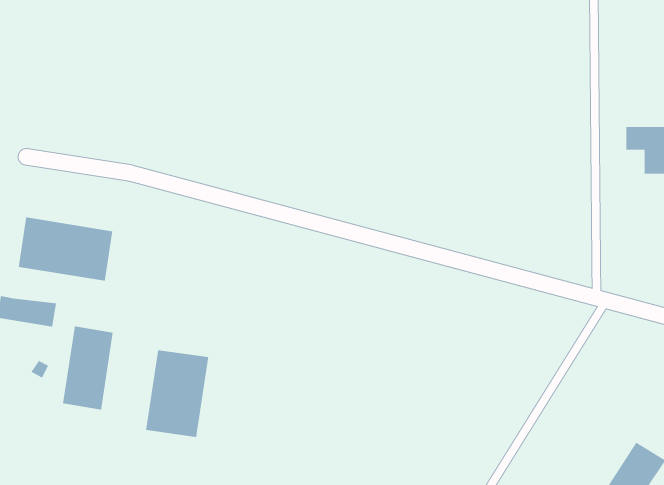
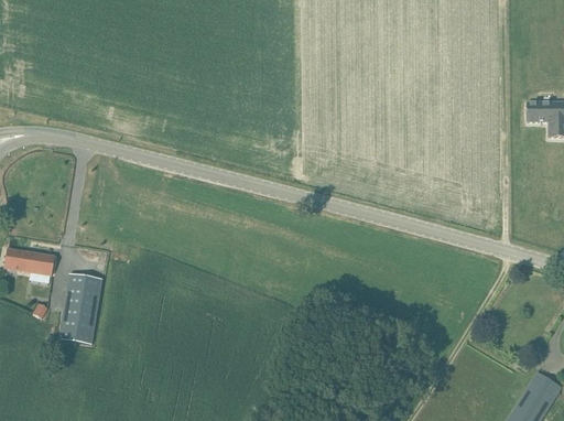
building: [18,217,113,282] -> none
building: [145,349,209,438] -> none

